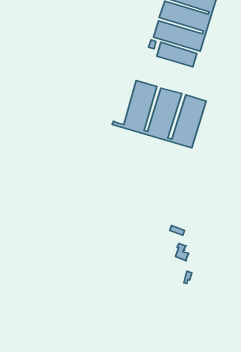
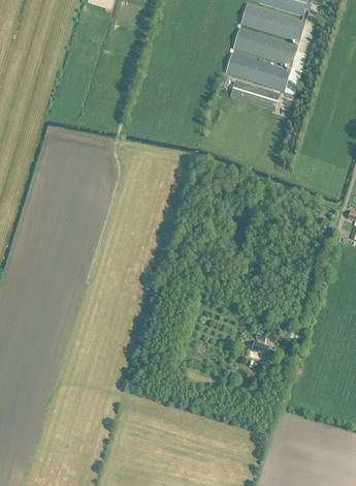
building: [112,80,206,148] -> none

